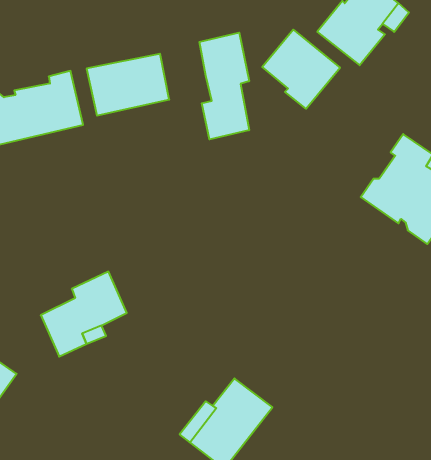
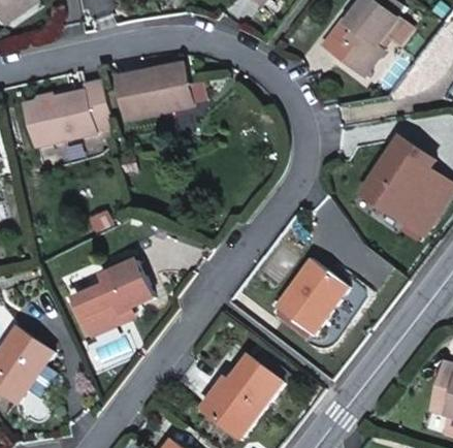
building: [262,30,340,109] -> none
building: [199,33,249,139] -> none
building: none -> [276,260,347,334]

